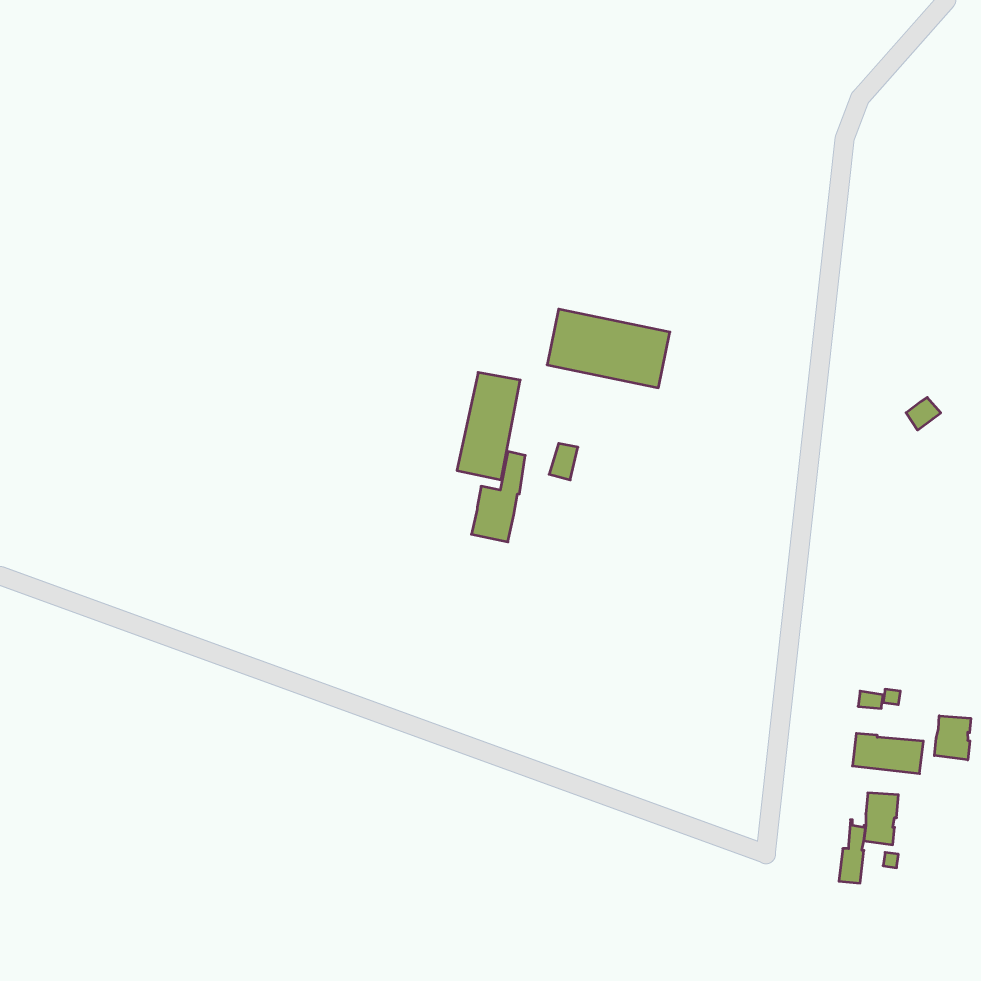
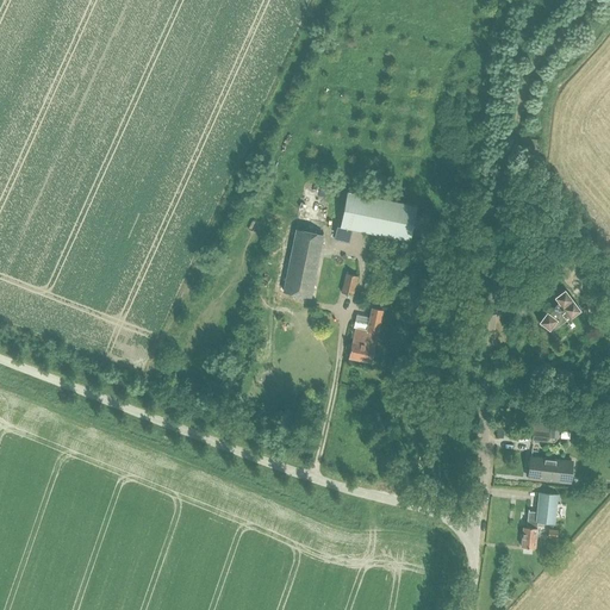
building: [471,452,525,542] -> [348,307,381,363]
building: none -> [540,288,581,329]
building: [934,716,971,760] -> none

